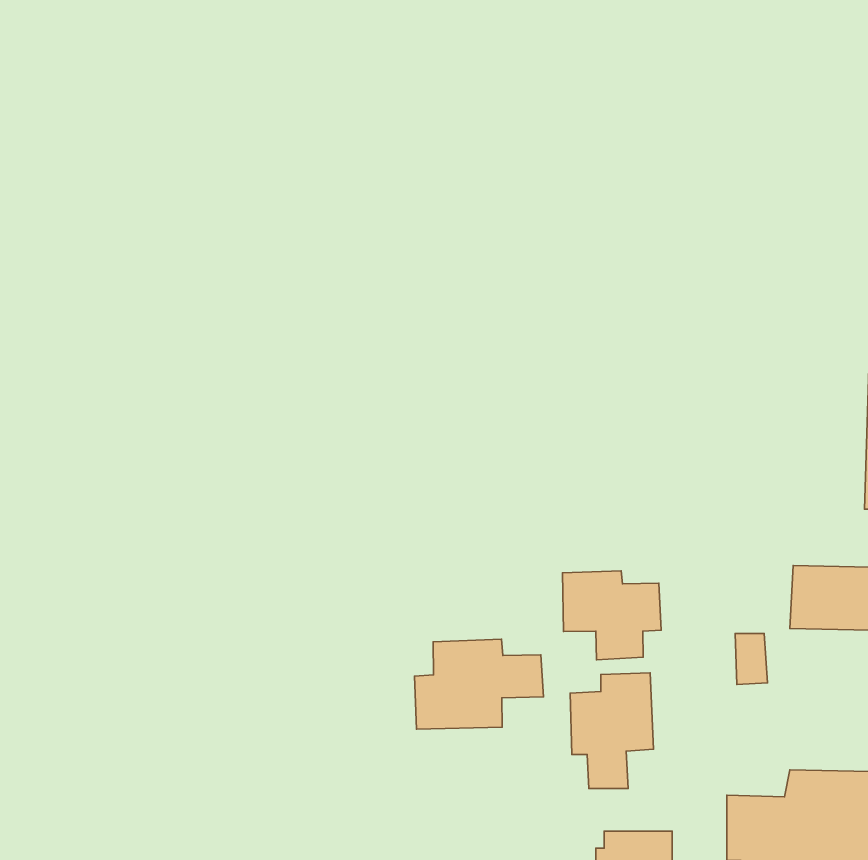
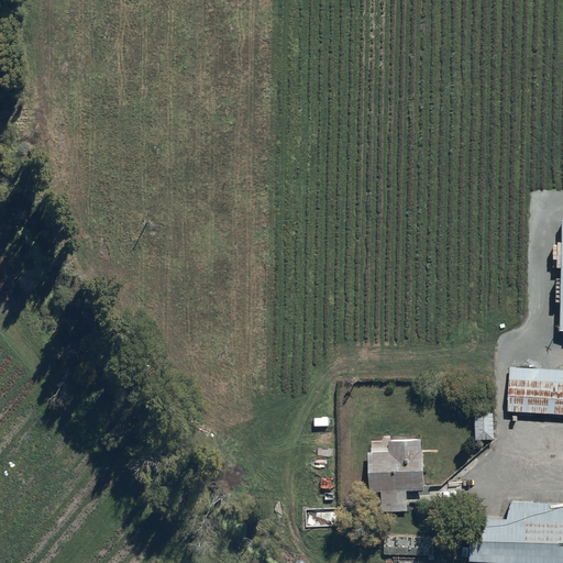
building: [562,571,661,660] -> none
building: [415,639,544,729] -> none

